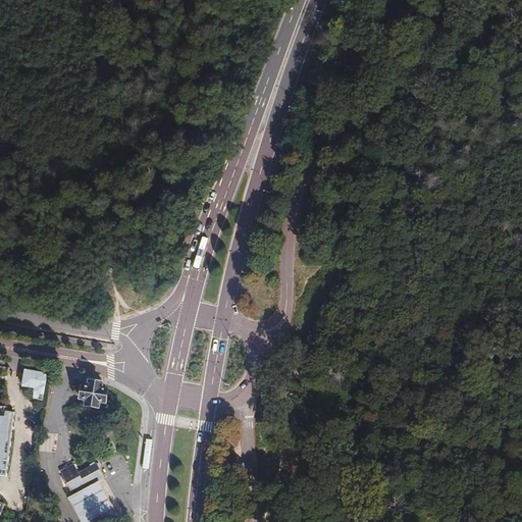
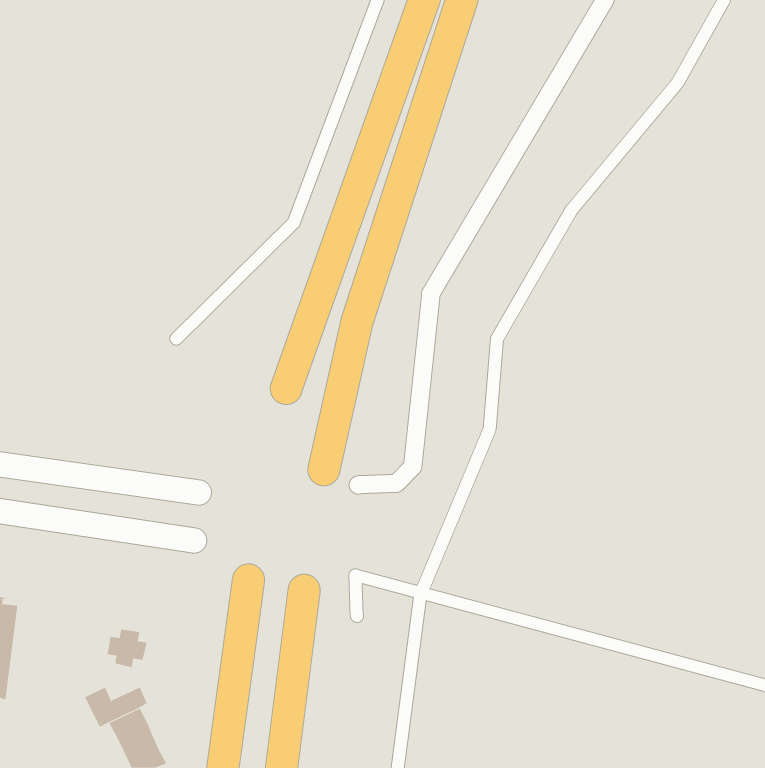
building: [20,368,45,397] -> none
building: [75,381,103,408] -> [107,629,148,668]

